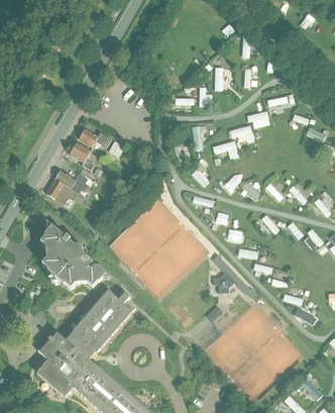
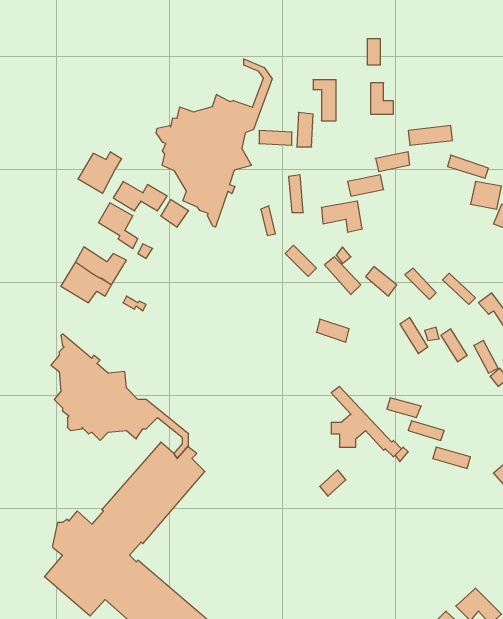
building: none -> [156,59,272,227]
building: none -> [78,152,122,193]

